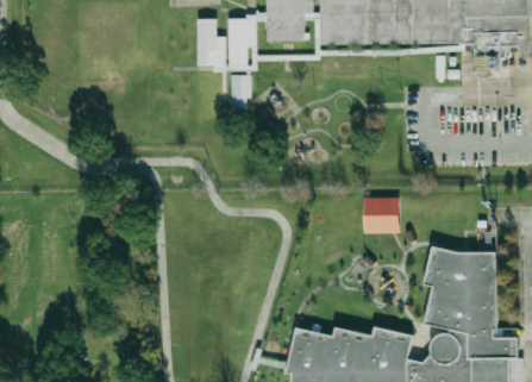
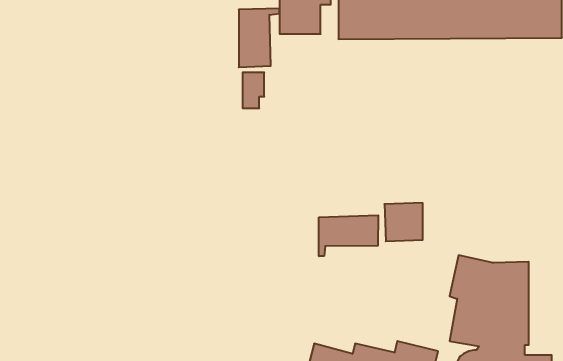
building: [195,18,224,68] -> none
building: none -> [319,215,378,256]

